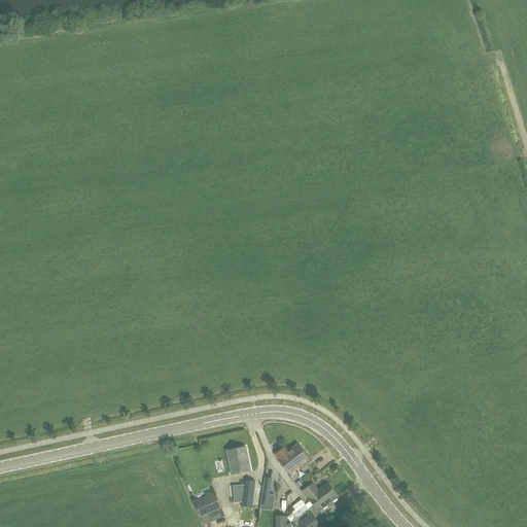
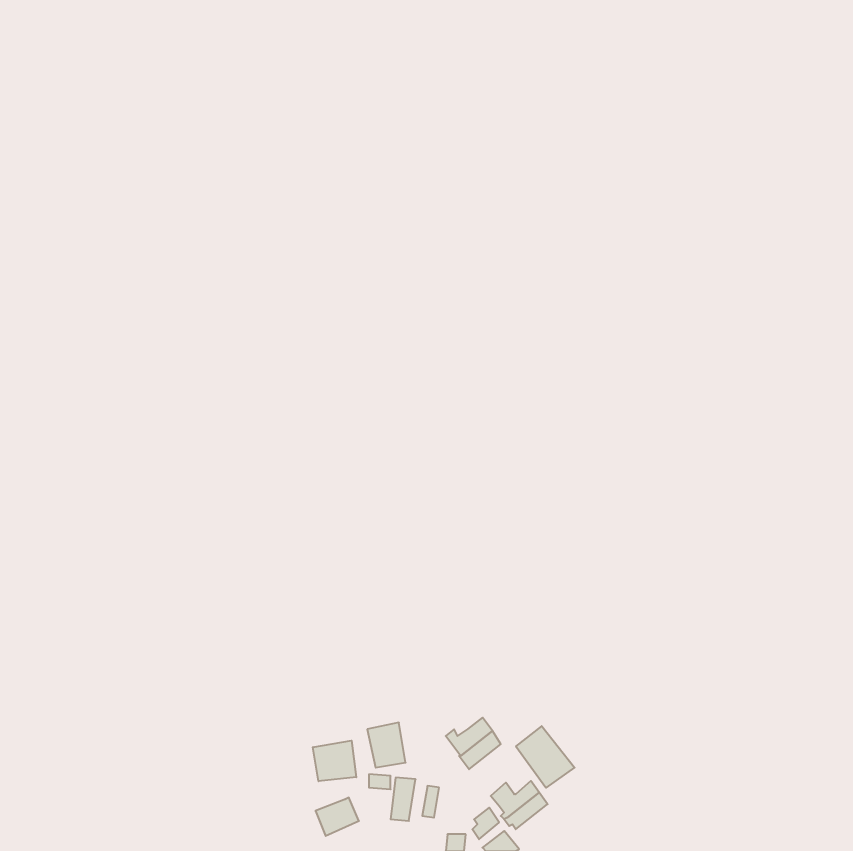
building: none -> [516,726,575,788]
building: none -> [313,741,356,781]

